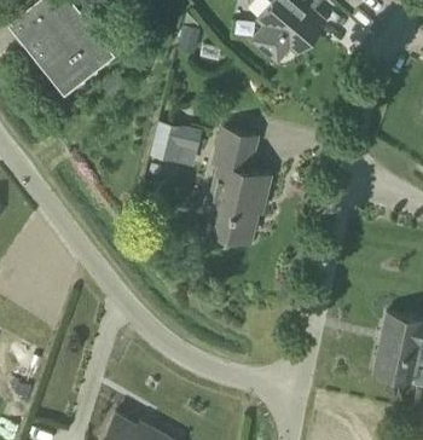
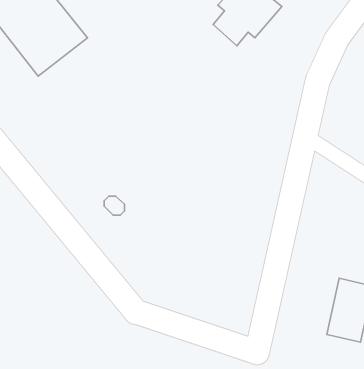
building: [151,122,202,162] -> none
building: [204,129,271,242] -> none

